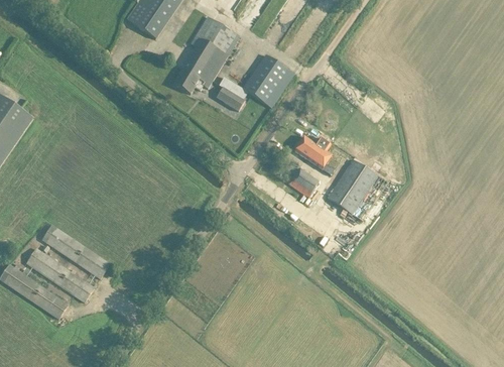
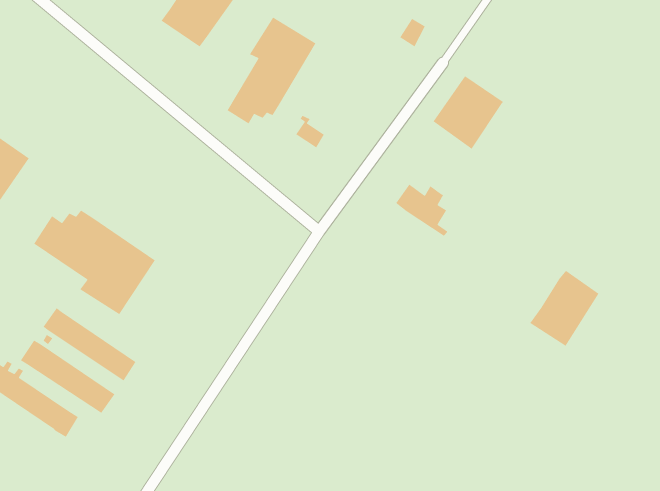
building: [242,54,293,108] -> [433,75,504,150]
building: none -> [33,209,156,315]
building: [326,159,376,215] -> [529,270,600,347]
building: [287,167,319,197] -> none

